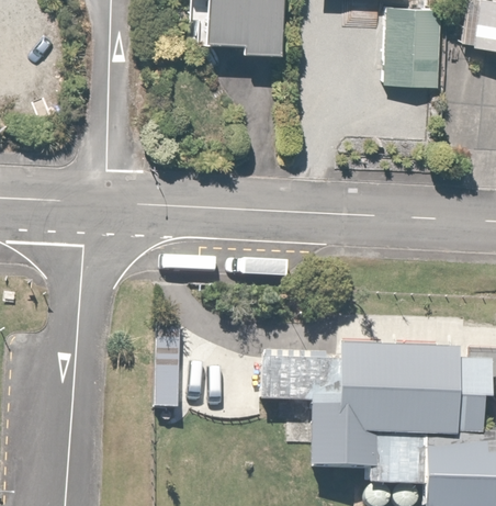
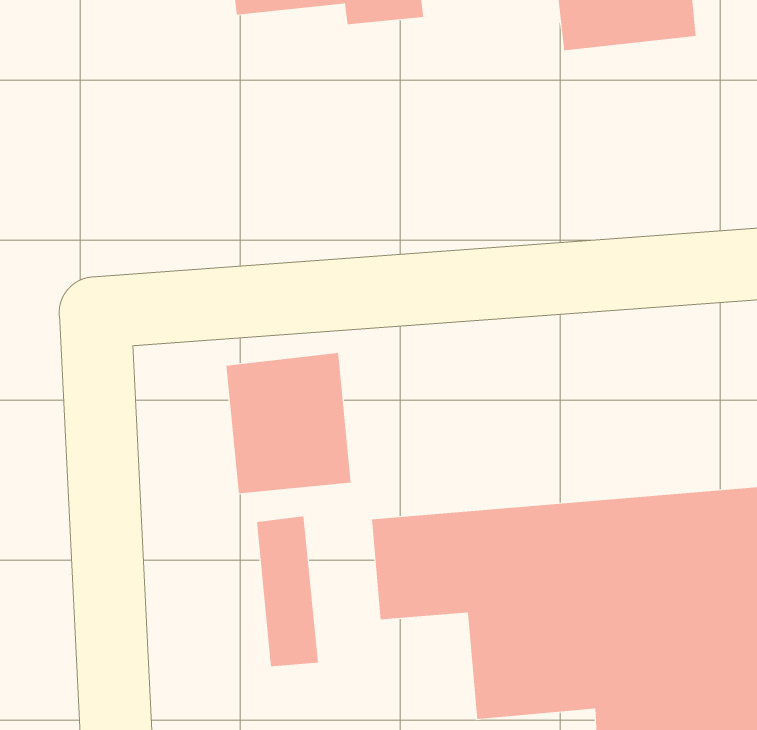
building: none -> [226,352,351,494]

